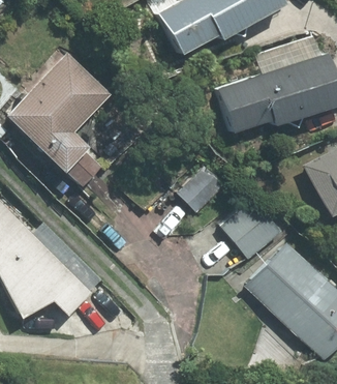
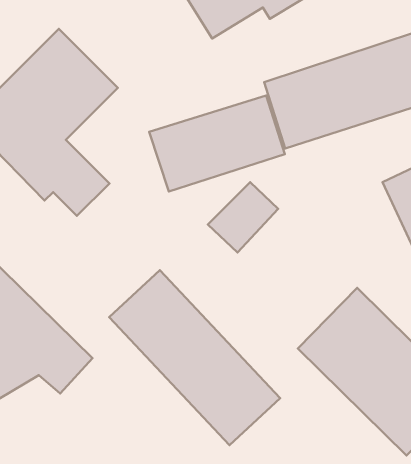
building: none -> [149,96,285,191]
building: [217,197,281,261] -> none
building: none -> [109,270,280,445]

